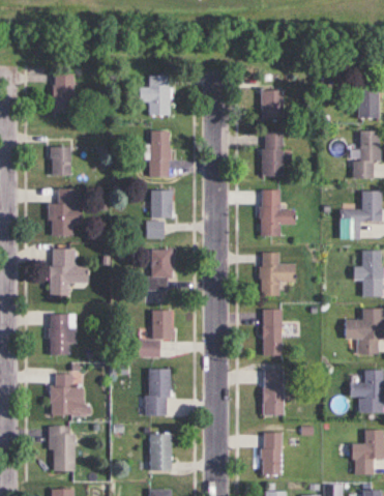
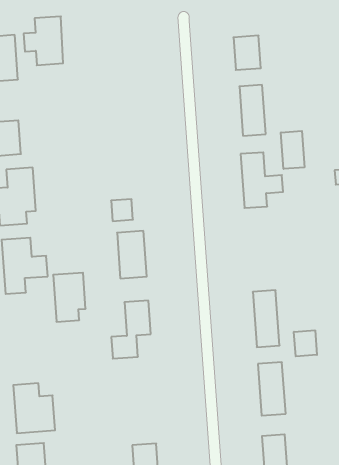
building: [139,75,172,115] -> [24,16,63,65]
building: [150,130,170,176] -> none
building: none -> [281,131,304,169]
building: [150,189,172,217] -> none
building: [259,252,294,296] -> none
building: [50,314,76,354] -> [53,273,86,322]
building: none -> [294,330,317,356]
building: [147,369,168,415] -> none

